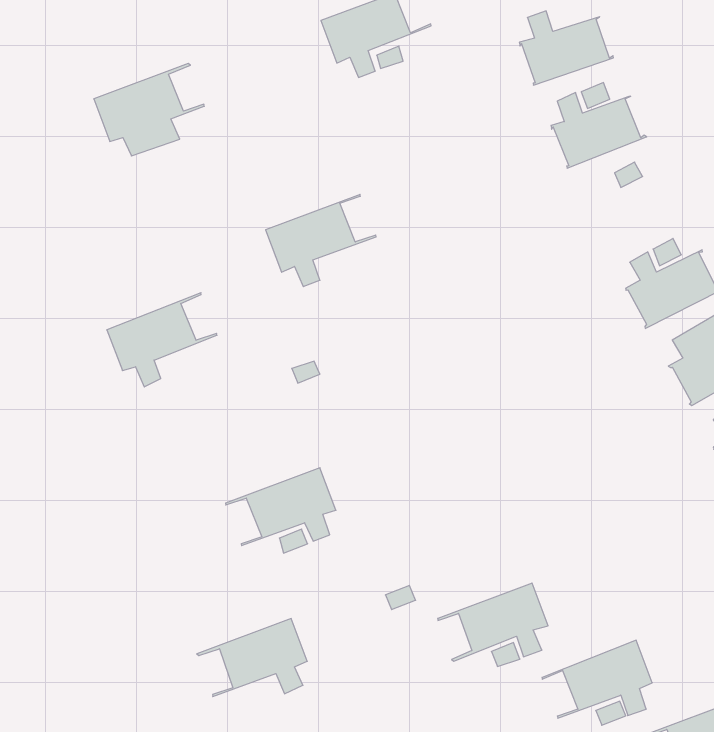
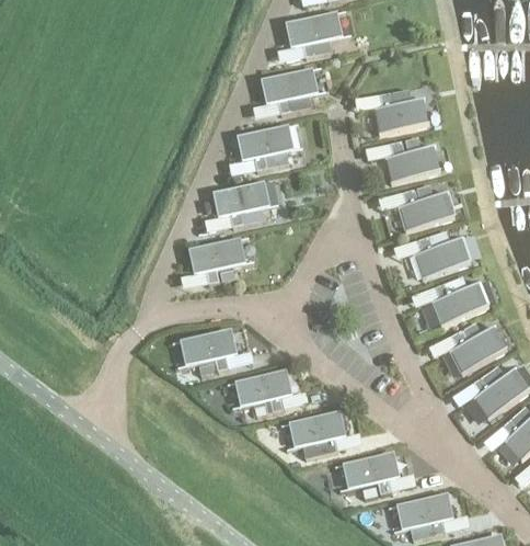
building: [94,64,204,156] -> [241,122,302,169]
building: none -> [399,187,451,229]
building: [107,293,217,387] -> [193,235,254,283]
building: [197,619,307,697] -> [227,369,288,411]

